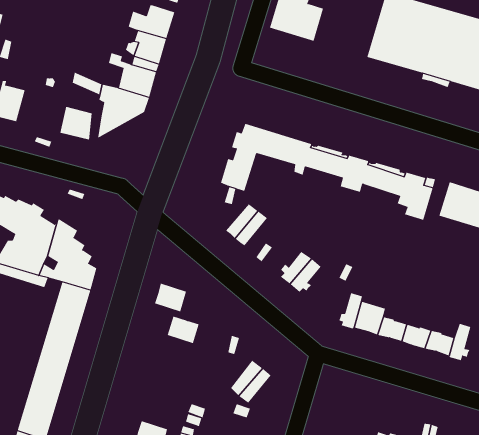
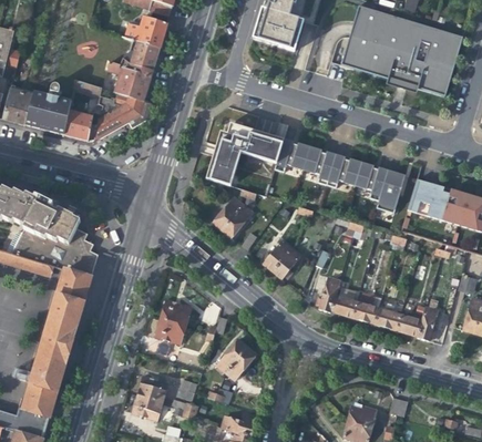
building: none -> [23,90,70,133]
building: [154,283,187,312] -> [154,317,184,343]
building: none -> [136,376,166,402]

